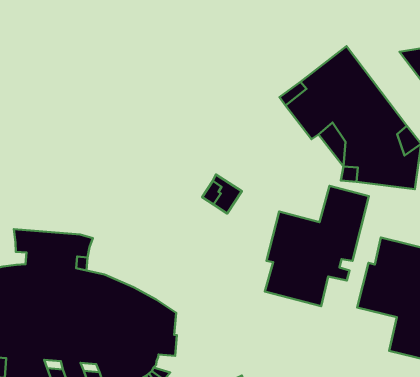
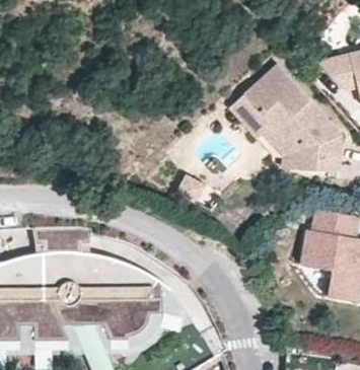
building: [265,186,369,306] -> none

